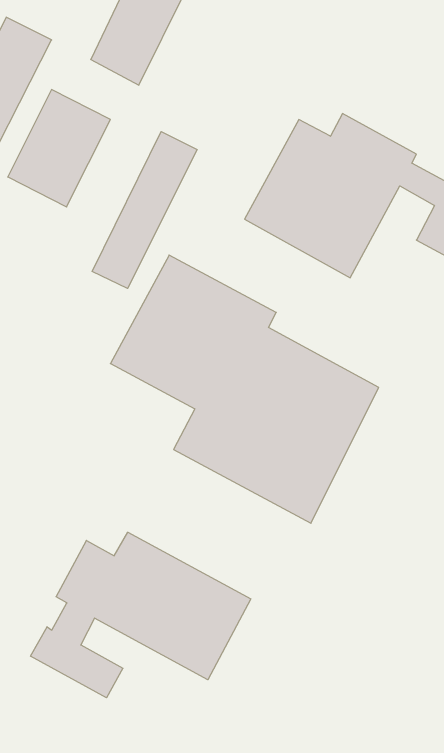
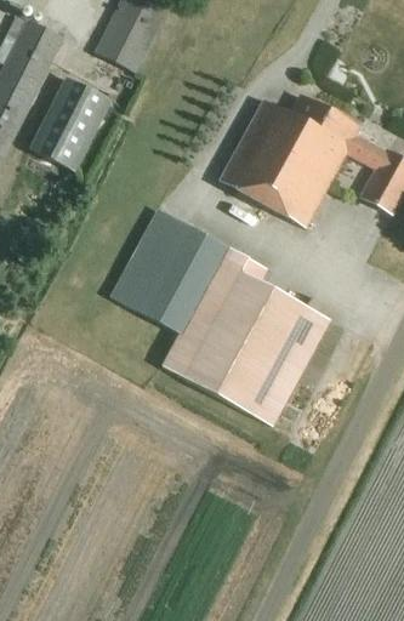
building: [92,132,197,288] -> none
building: [31,532,251,698] -> none

